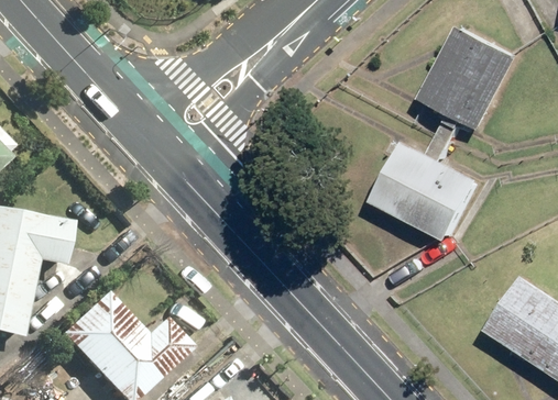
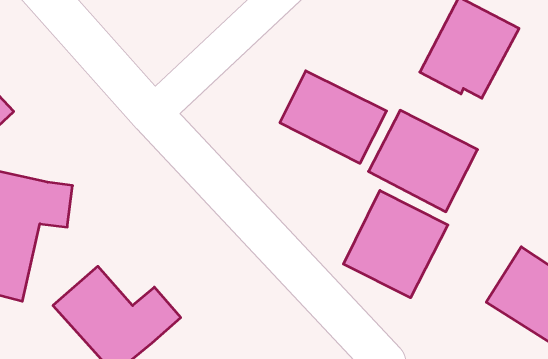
building: none -> [280,71,387,163]
building: none -> [343,190,448,298]

